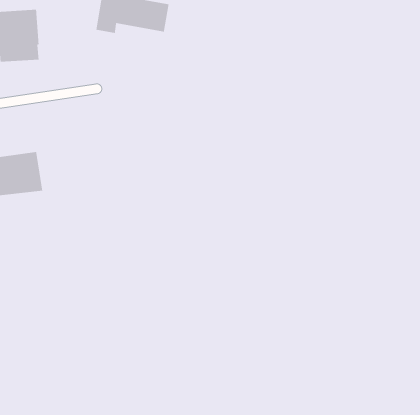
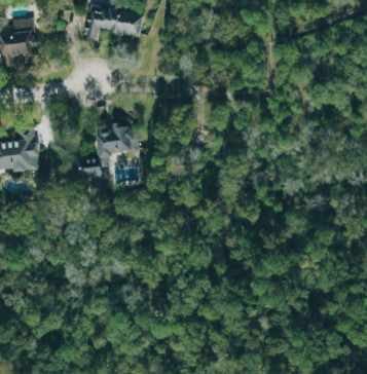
building: none -> [84,123,135,182]

